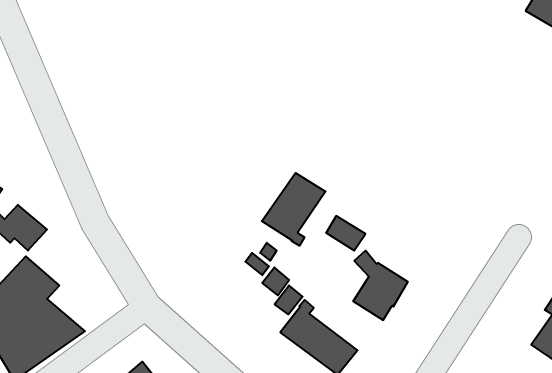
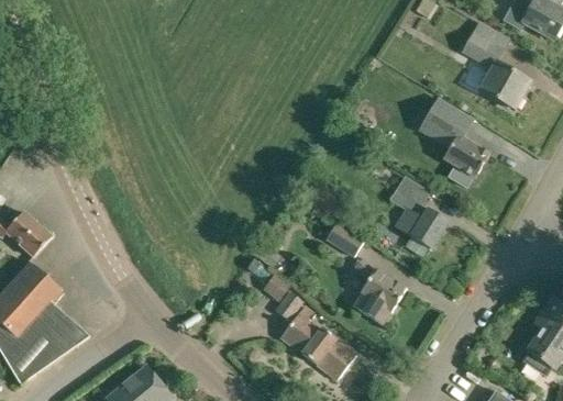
building: none -> [461,20,530,109]
building: none -> [419,100,488,187]
building: none -> [395,176,448,247]
building: [262,173,326,246] -> none

